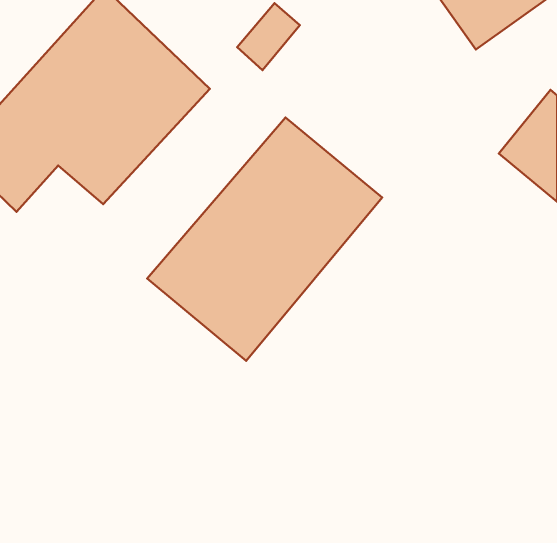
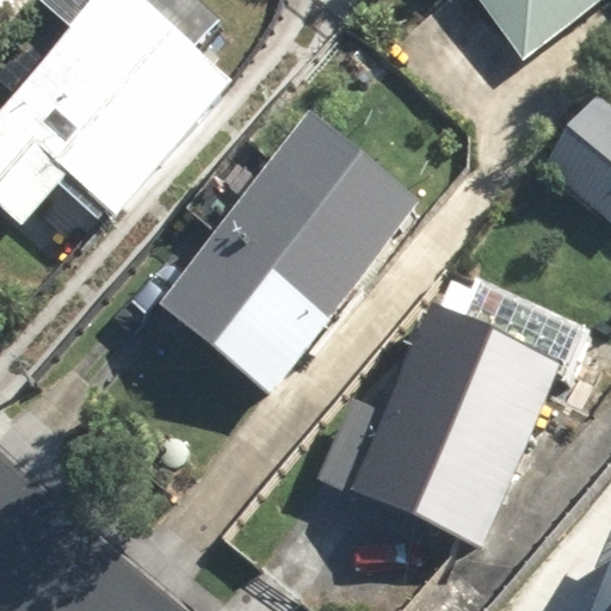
building: none -> [352,314,560,548]

